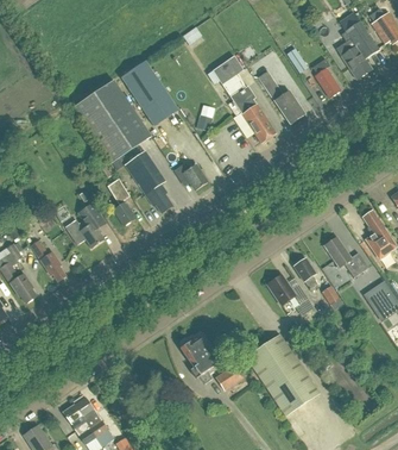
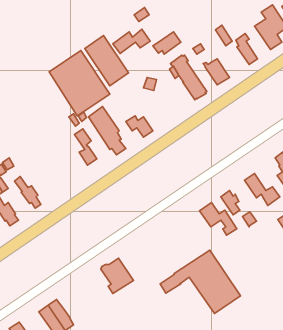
building: none -> [113,29,150,53]
building: [65,202,105,246] -> none
building: [179,332,221,377] -> [101,258,133,294]

